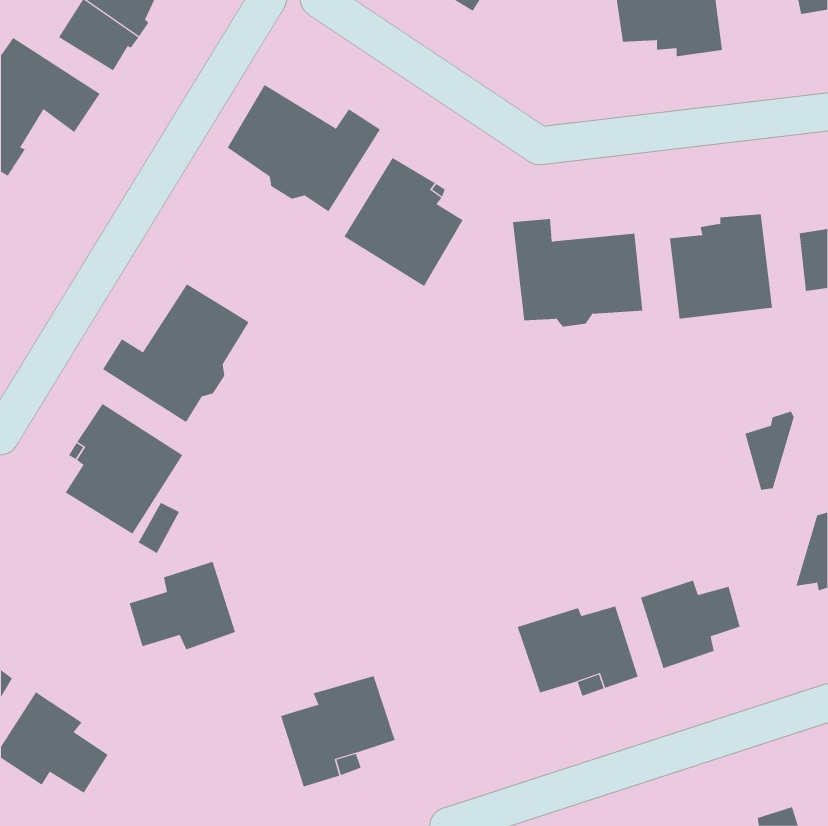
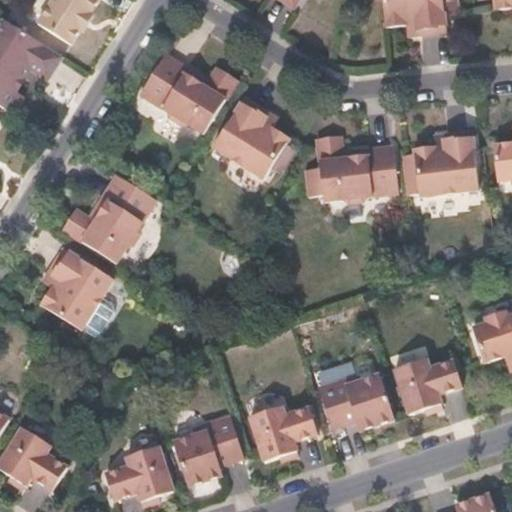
building: [744,411,795,490] -> [473,314,504,363]
building: [129,561,236,650] -> [106,446,172,501]
building: none -> [250,406,317,461]

